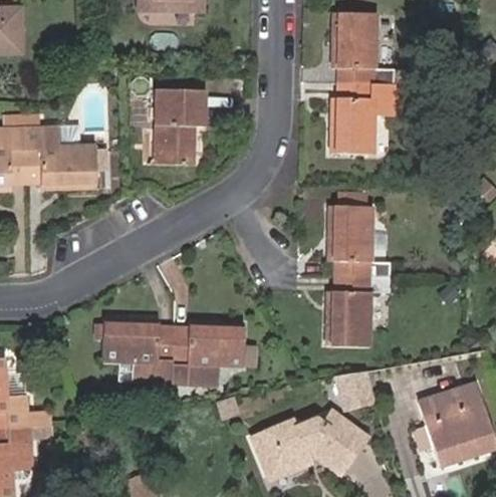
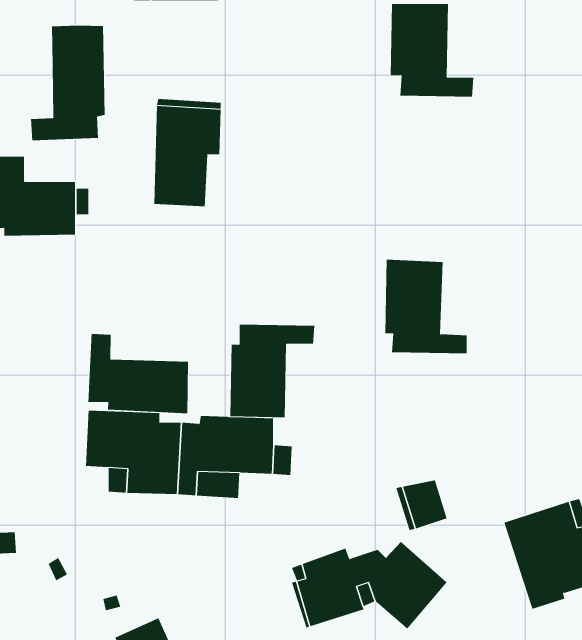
building: none -> [31,25,105,141]
building: [329,82,394,155] -> none
building: none -> [88,333,189,414]
building: [325,275,390,345] -> [229,324,315,418]

